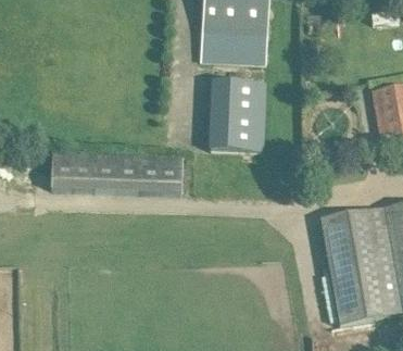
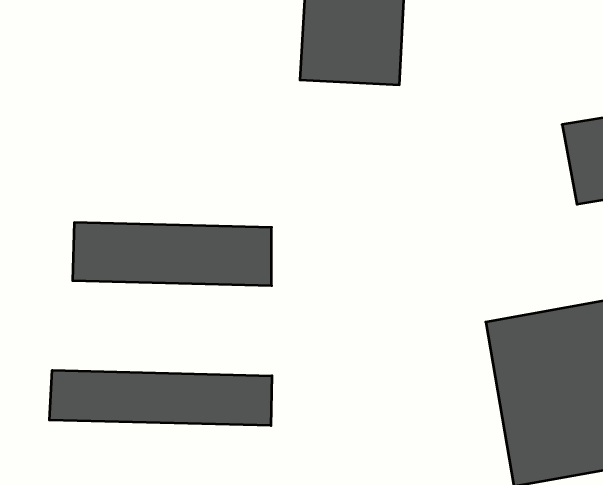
building: [209,78,267,150] -> none
building: none -> [49,370,272,426]

